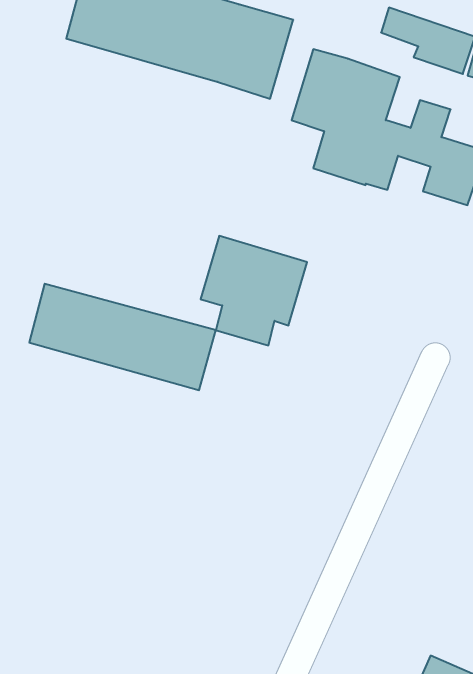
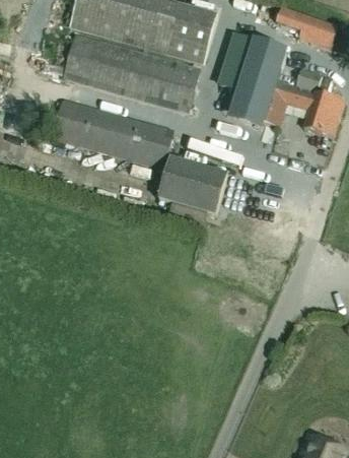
building: none -> [63,32,201,113]
building: [29,284,216,390] -> [53,99,176,169]

